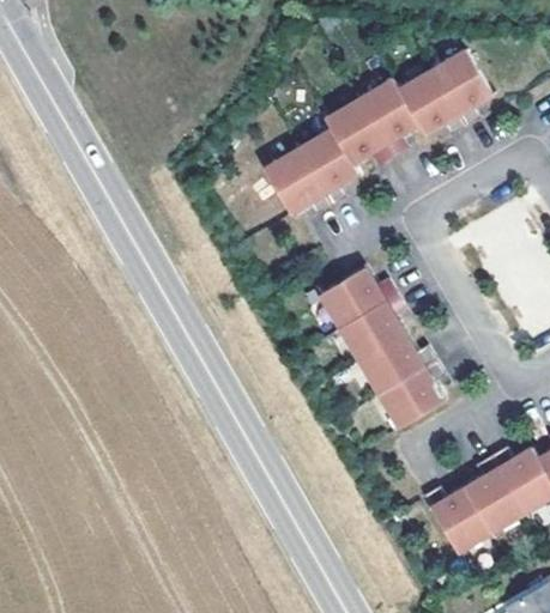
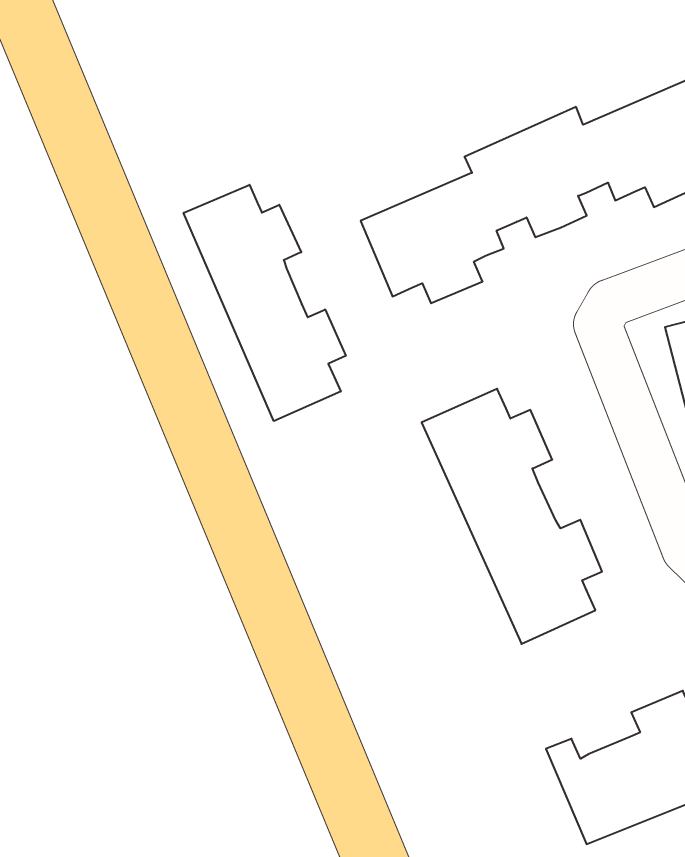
building: none -> [184,185,346,421]

